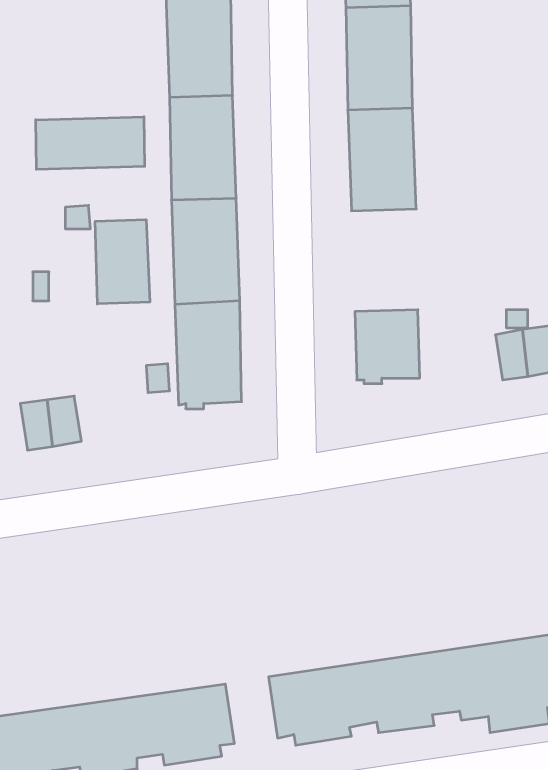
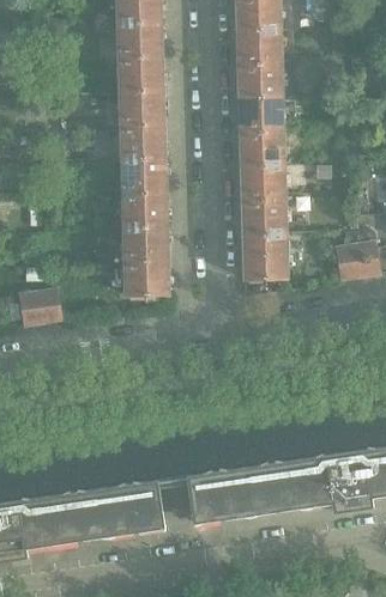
building: [36,117,145,169] -> none
building: none -> [241,166,285,234]
building: [95,220,150,304] -> none

